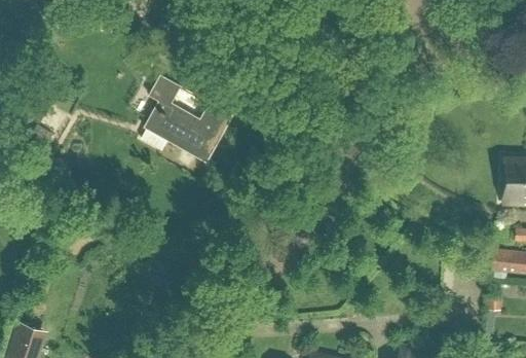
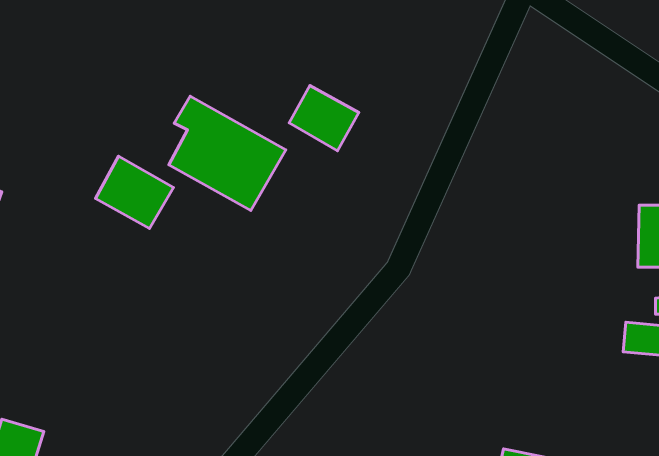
building: none -> [289,85,359,151]
building: none -> [95,156,174,228]

